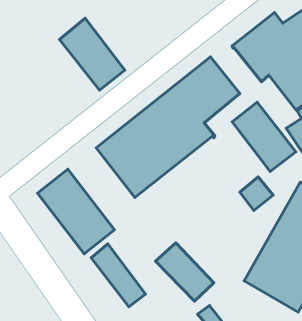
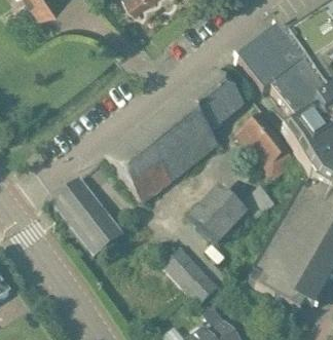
building: [60,18,125,90] -> none
building: none -> [189,187,249,247]
building: [91,244,145,307] -> none

